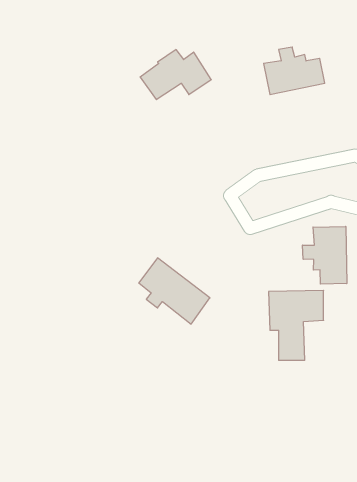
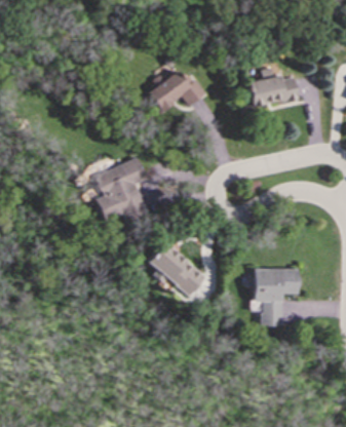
building: none -> [91,158,147,223]
building: [303,226,347,284] -> none

